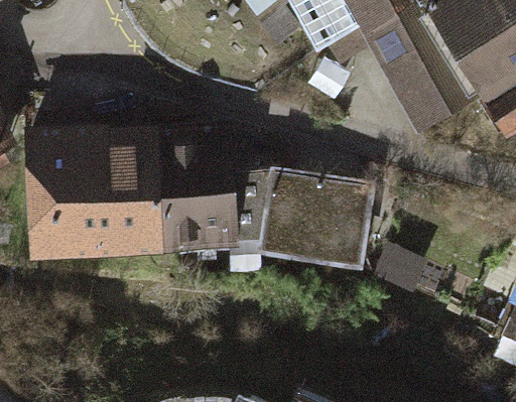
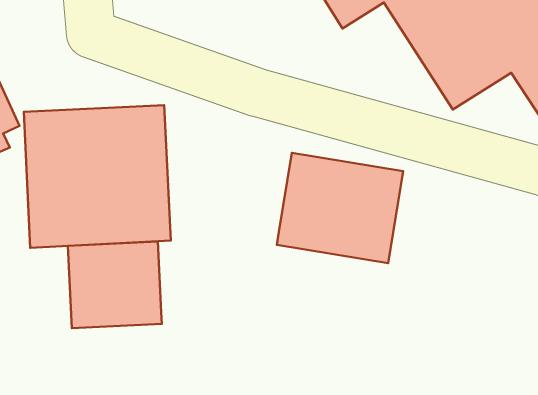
building: [154,122,273,250] -> none
building: none -> [68,242,162,328]

